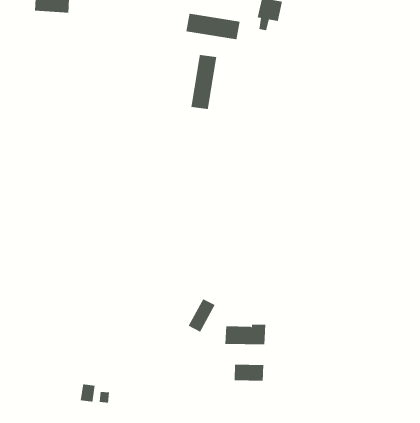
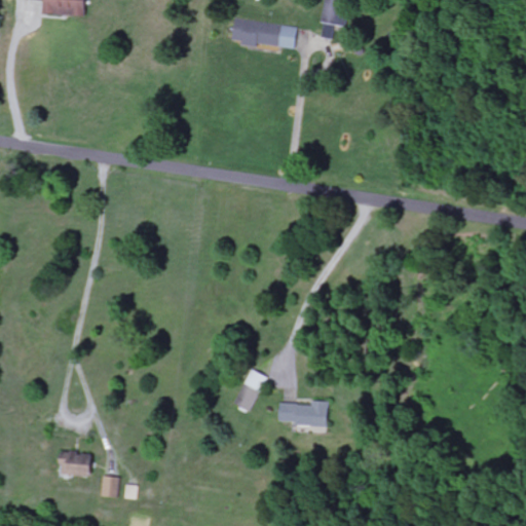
building: [191,54,217,110] -> none
building: [234,364,264,381] -> none
building: none -> [60,451,91,476]

